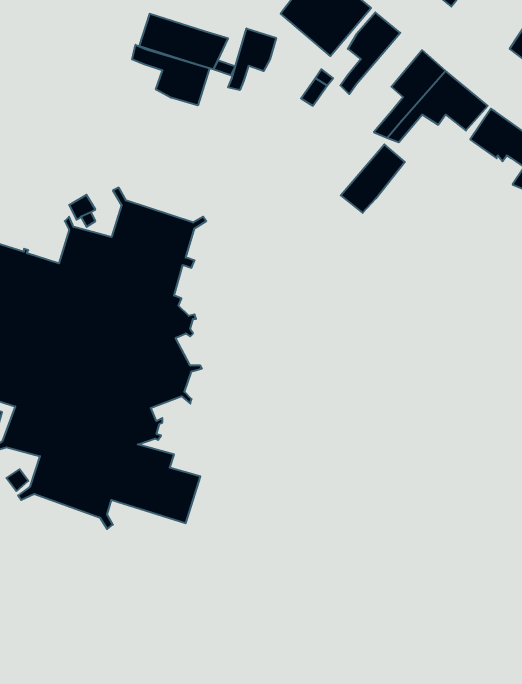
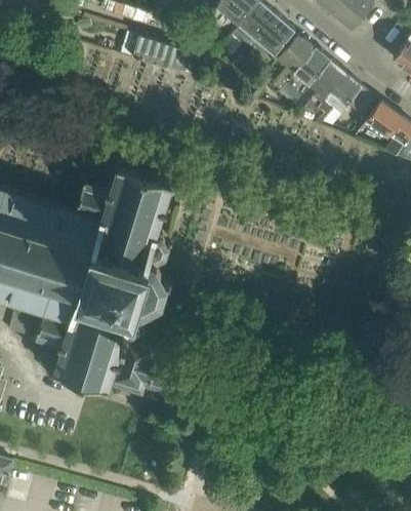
building: [228,28,276,90] -> none
building: [132,45,210,105] -> none
building: [341,144,405,213] -> [285,50,330,99]

